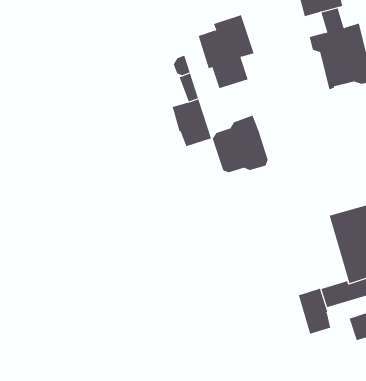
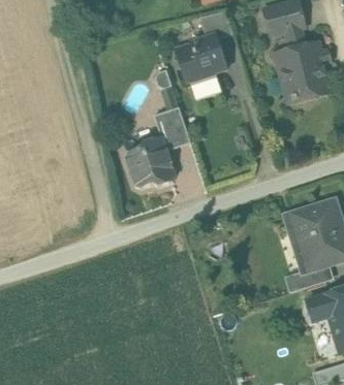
building: [212,115,269,173] -> [125,136,175,187]
building: [298,288,331,334] -> none

